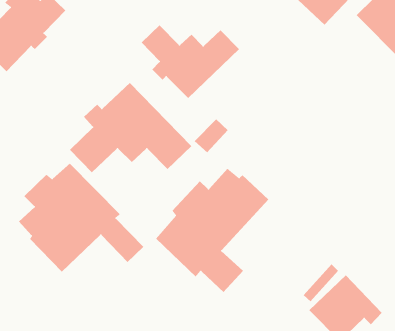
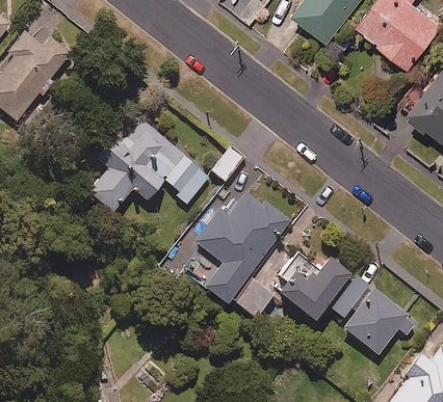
building: [141,24,240,99] -> none
building: [18,163,144,272] -> none
building: none -> [275,251,351,324]

